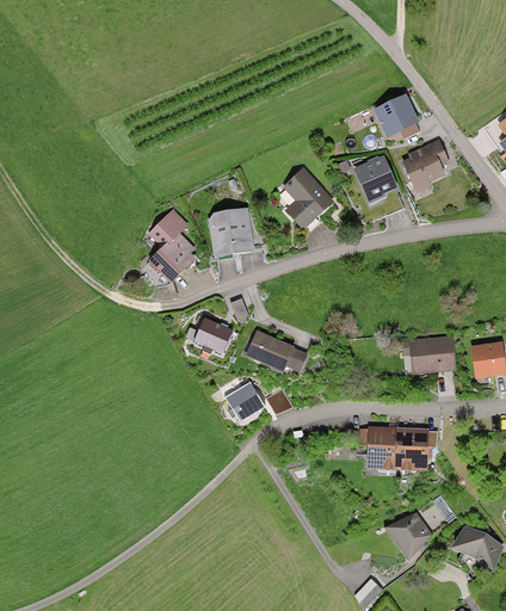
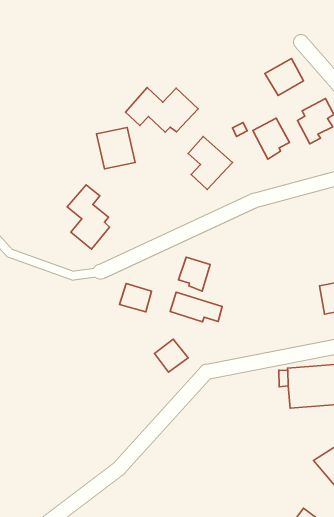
building: none -> [126,88,198,132]
building: [212,211,251,253] -> [96,128,135,169]
building: none -> [179,257,210,291]

